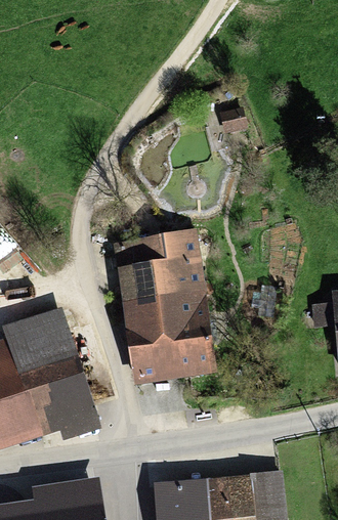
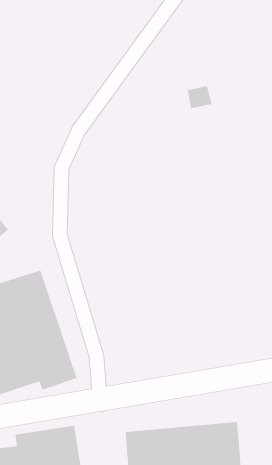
building: [115,237,216,384] -> none

